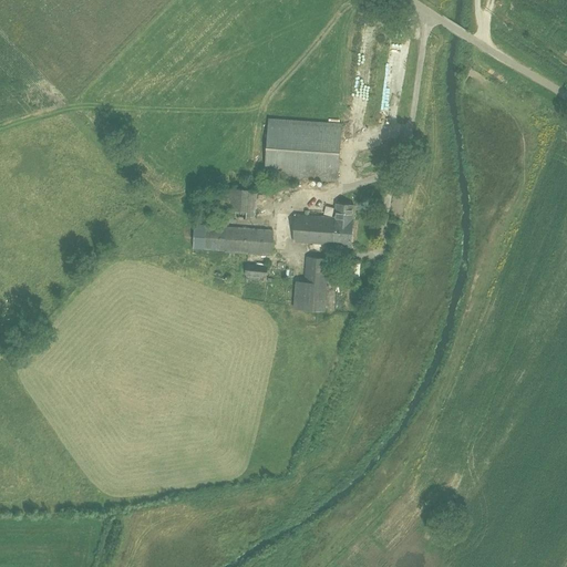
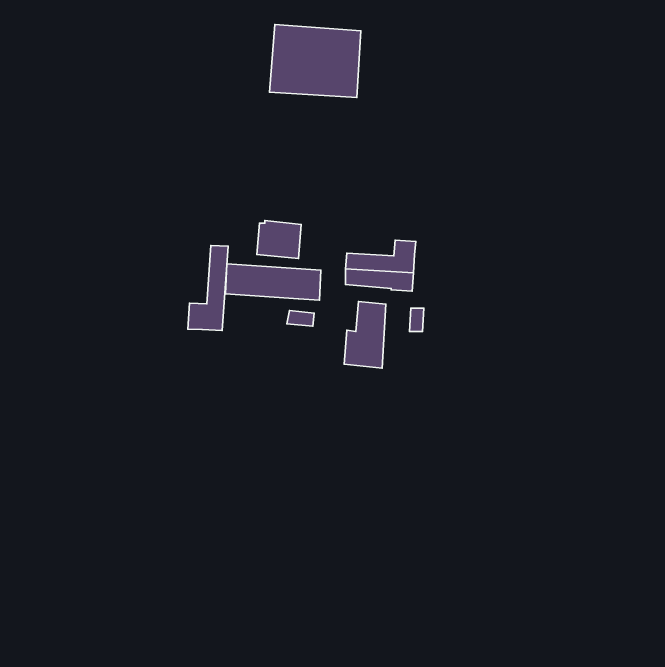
building: [264,118,341,181] -> [270,24,361,97]
building: none -> [188,245,228,331]

